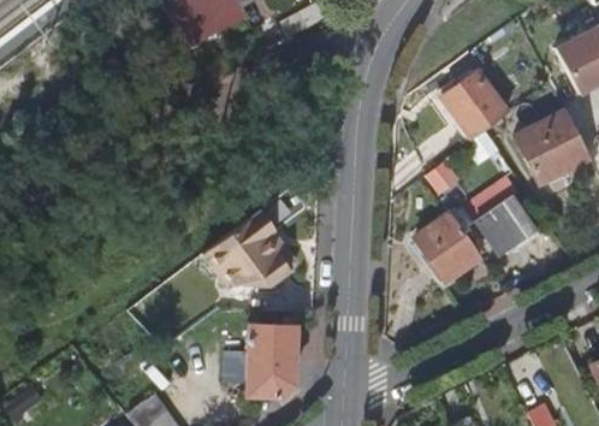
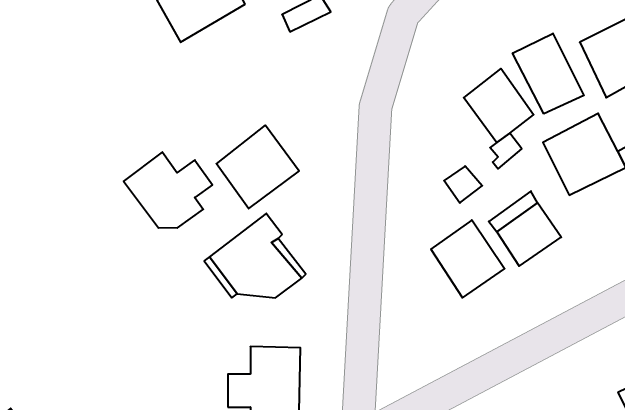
building: none -> [513,33,584,114]
building: none -> [216,125,299,209]
building: none -> [124,152,212,228]

